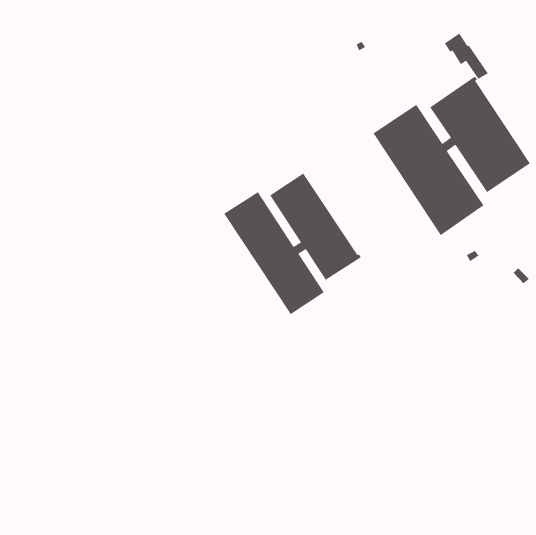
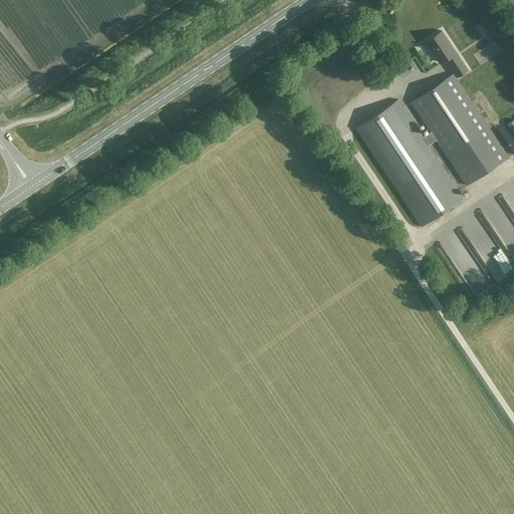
building: [223,173,362,315] -> none

